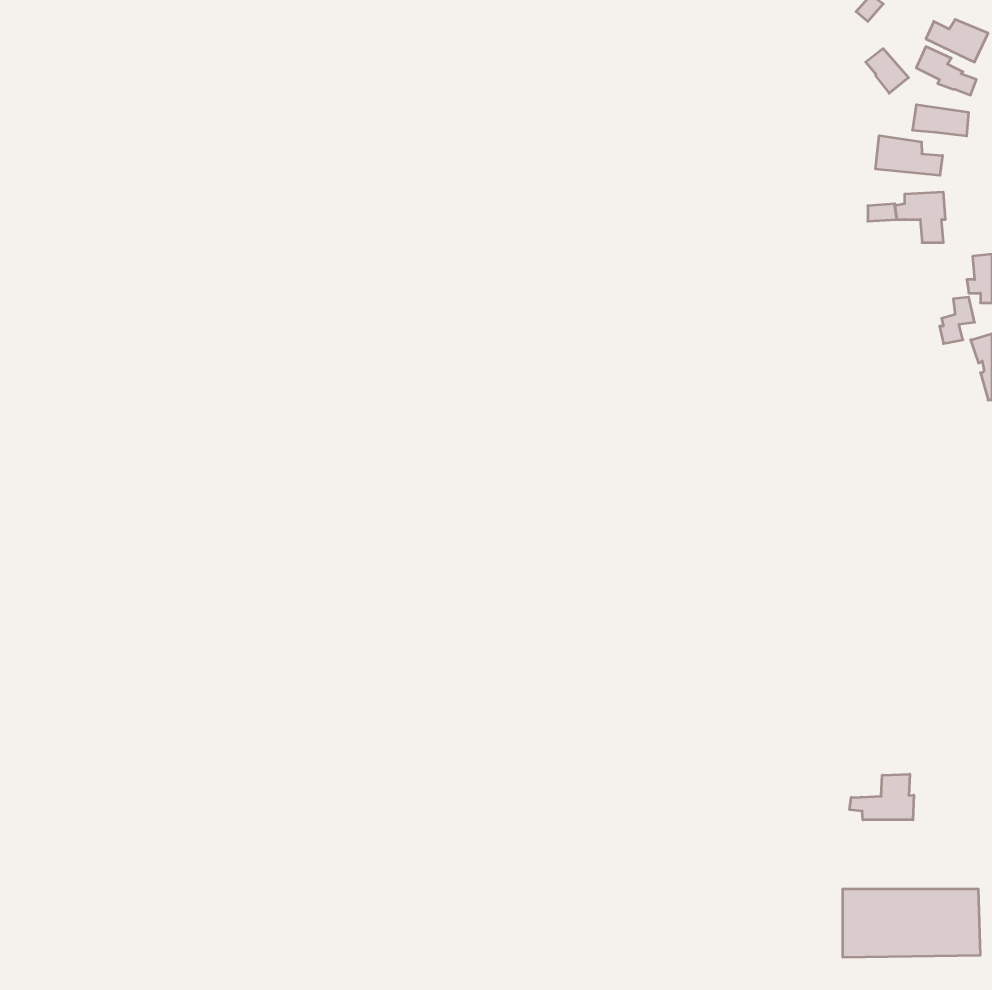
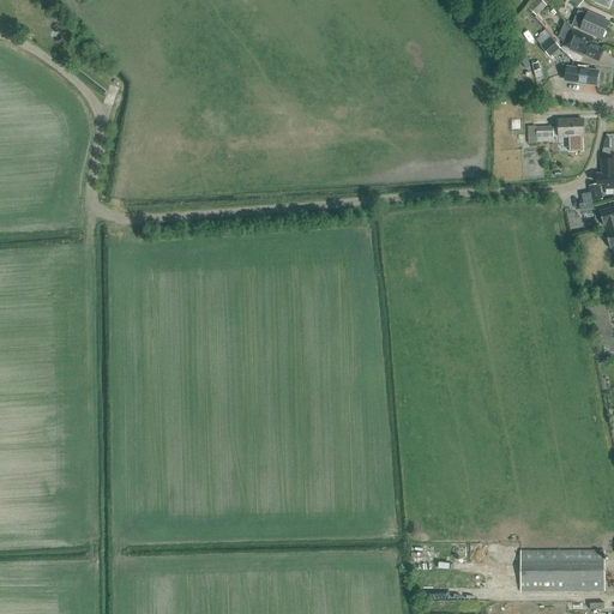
building: [876,136,942,175] -> none
building: [850,774,914,820] -> none

